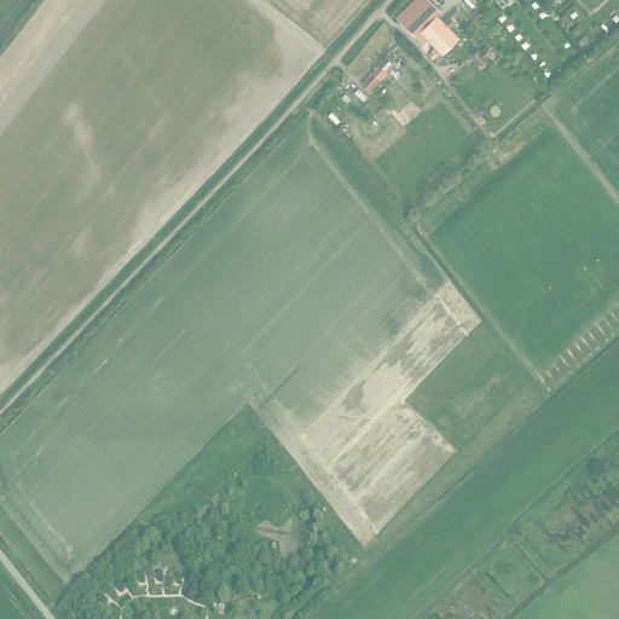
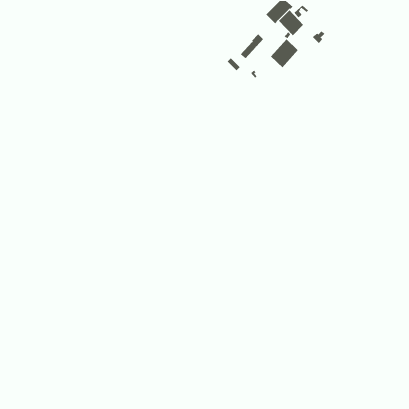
building: none -> [270,38,299,68]

